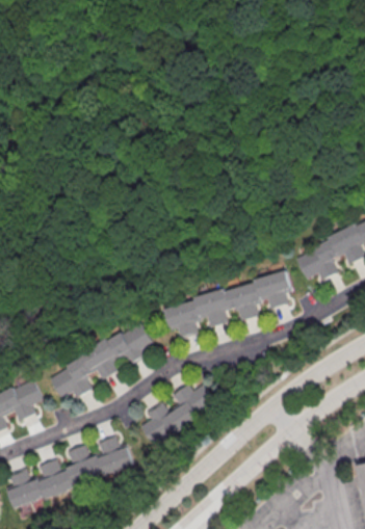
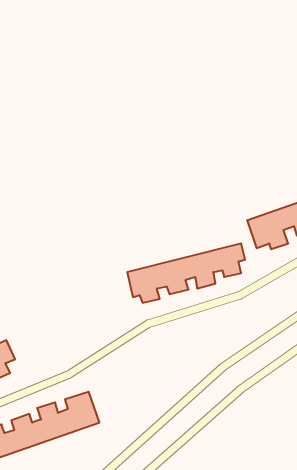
building: [46,321,155,398] -> none
building: [136,383,217,447] -> none

